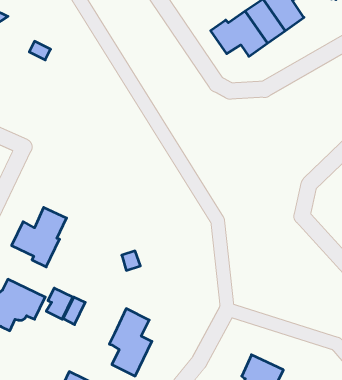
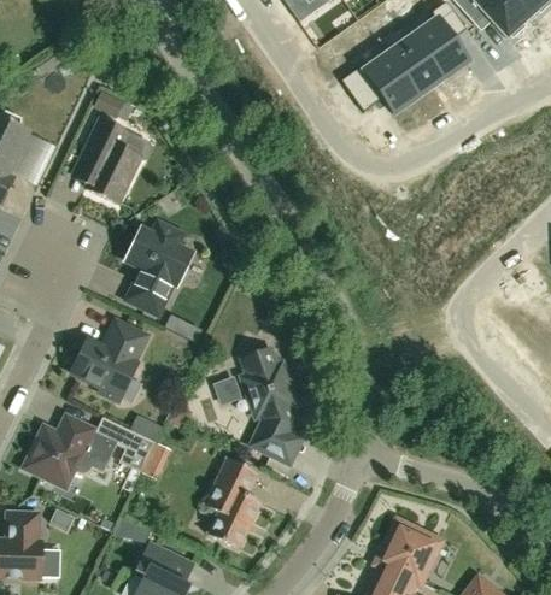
building: none -> [72,117,141,201]
building: none -> [124,214,192,312]
building: none -> [241,346,306,464]

